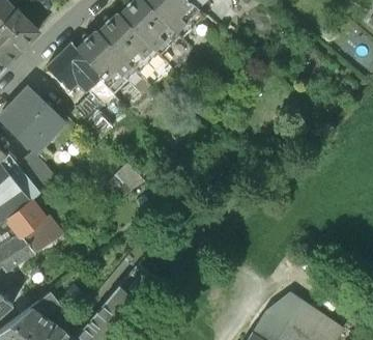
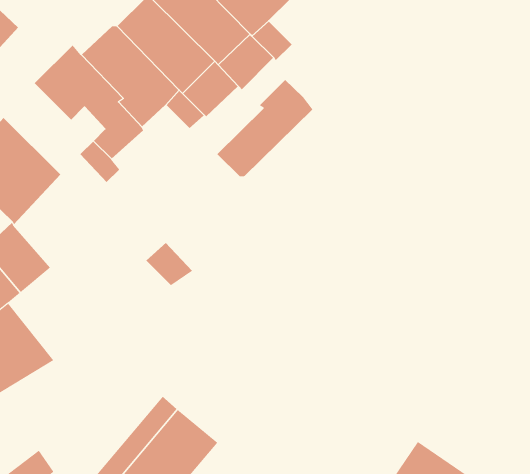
building: none -> [216,79,313,177]

